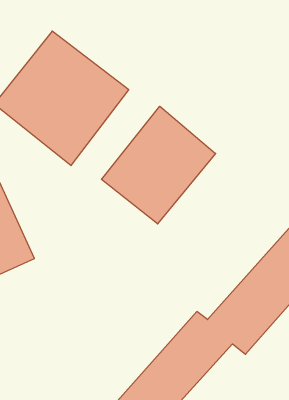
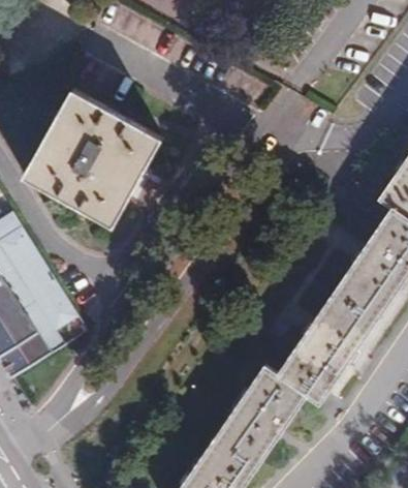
building: [101,106,216,224] -> none

